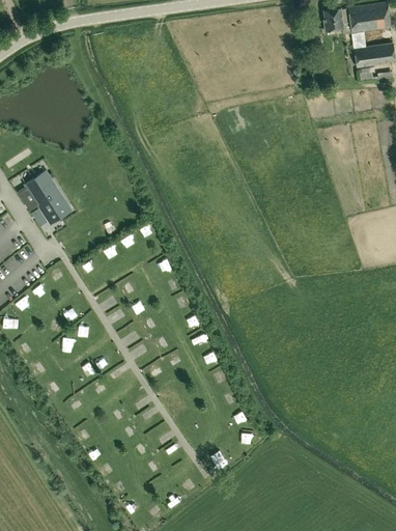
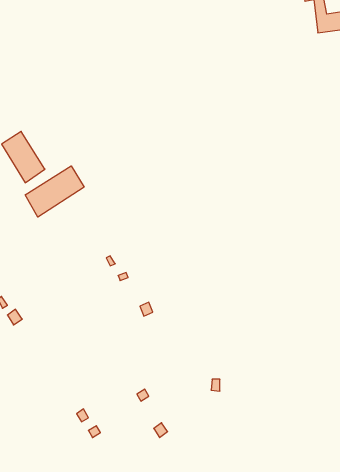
building: none -> [25,166,84,217]

